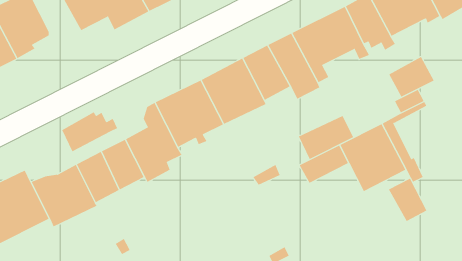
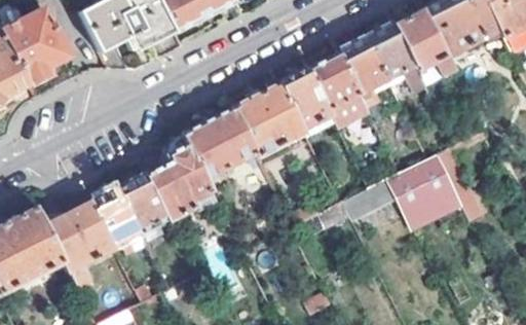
building: [388,56,434,98] -> none
building: [61,111,118,152] -> none
building: [298,115,354,160] -> none
building: [388,178,427,222] -> none

